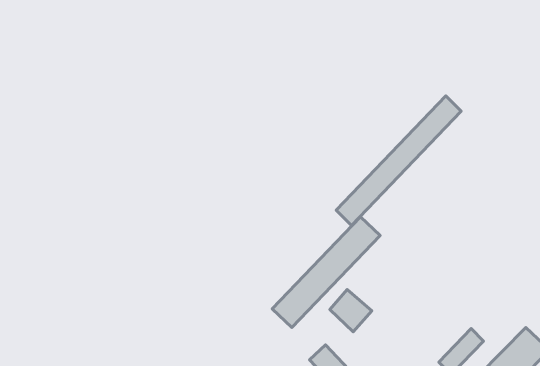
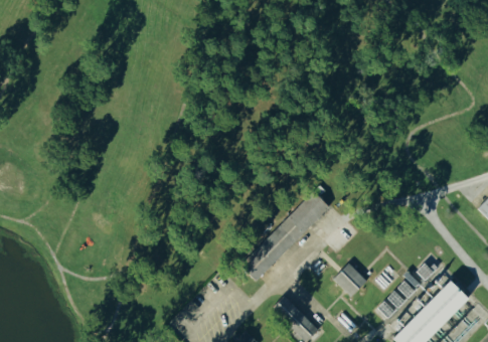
building: [336,96,461,226] -> none
building: [330,290,372,332] -> [334,263,368,297]

